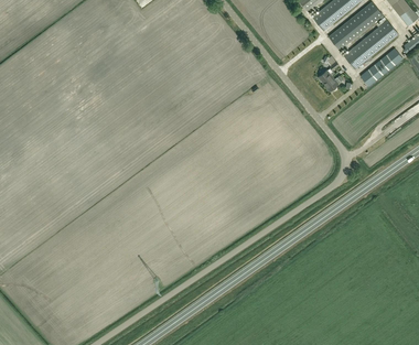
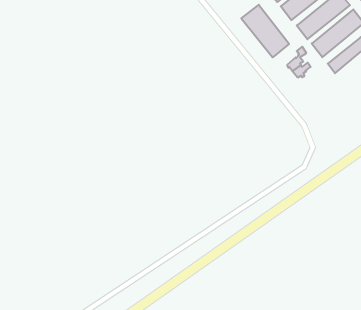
building: none -> [241,5,289,57]

